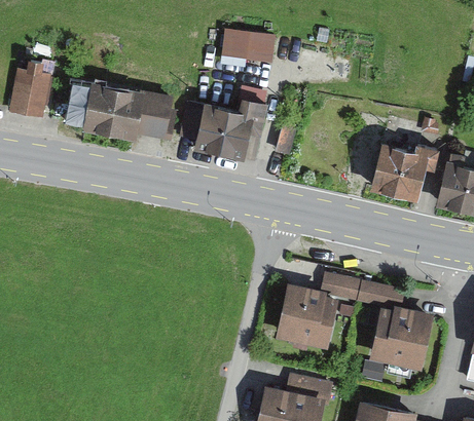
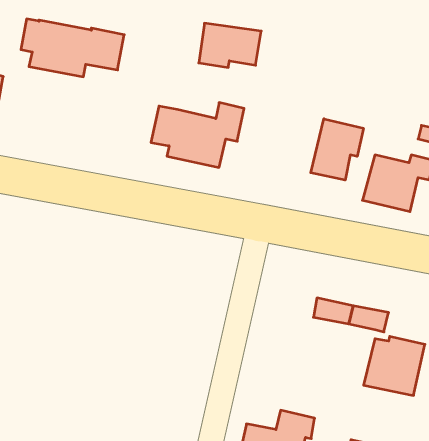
building: [76,85,170,138] -> [21,19,124,77]
building: none -> [311,119,363,180]
building: [279,288,332,344] -> none

